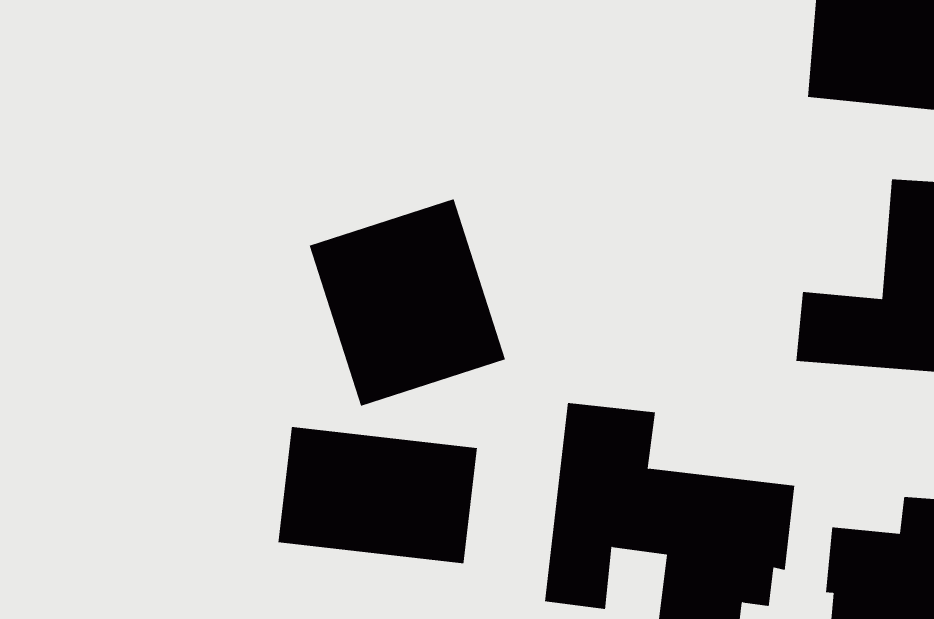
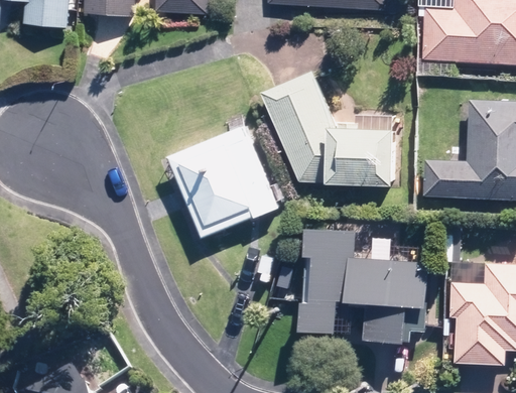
building: none -> [263,73,396,186]
building: [278,426,478,564] -> none

